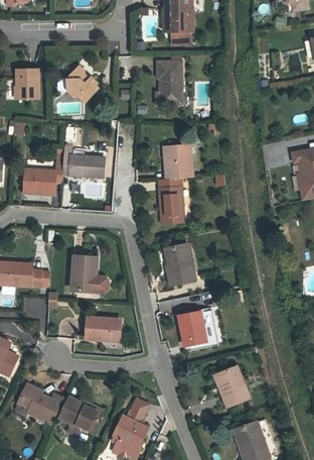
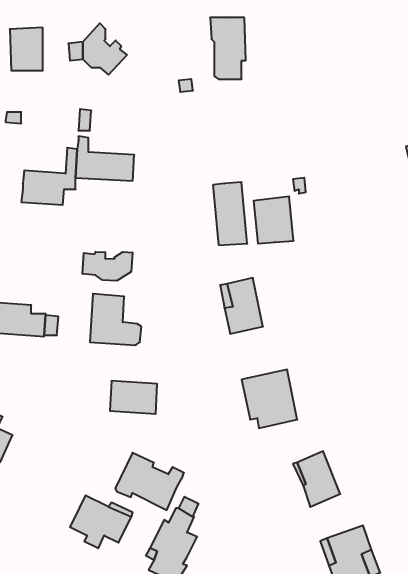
building: [164,144,192,178] -> [254,196,294,244]
building: none -> [83,252,132,281]
building: [15,383,63,424] -> [115,453,184,510]

